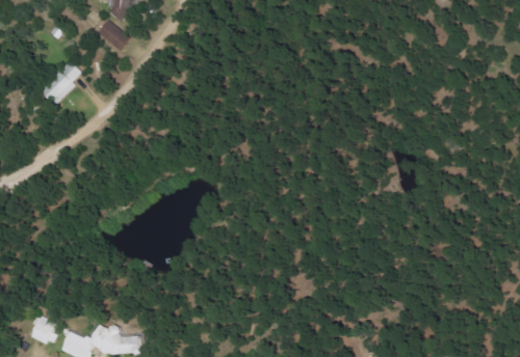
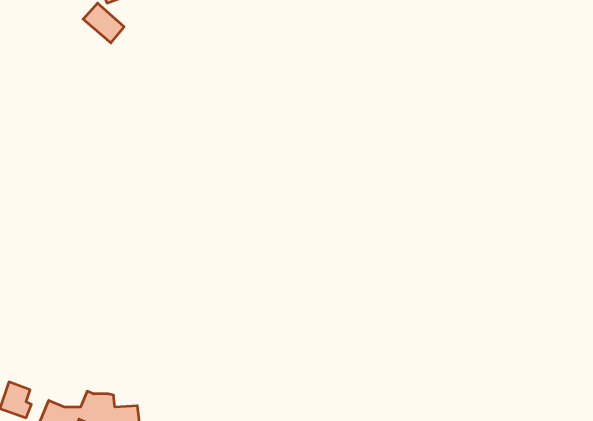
building: [37,60,83,106] -> none

